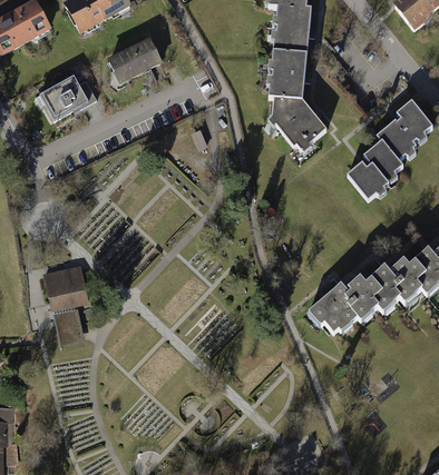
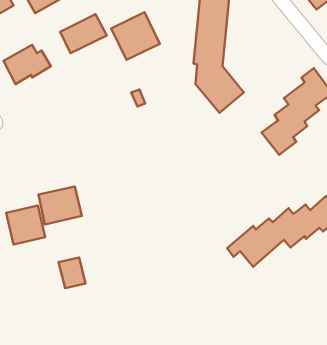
building: none -> [111,12,160,60]
building: none -> [39,186,82,225]
building: [53,306,86,343] -> [59,257,86,288]

